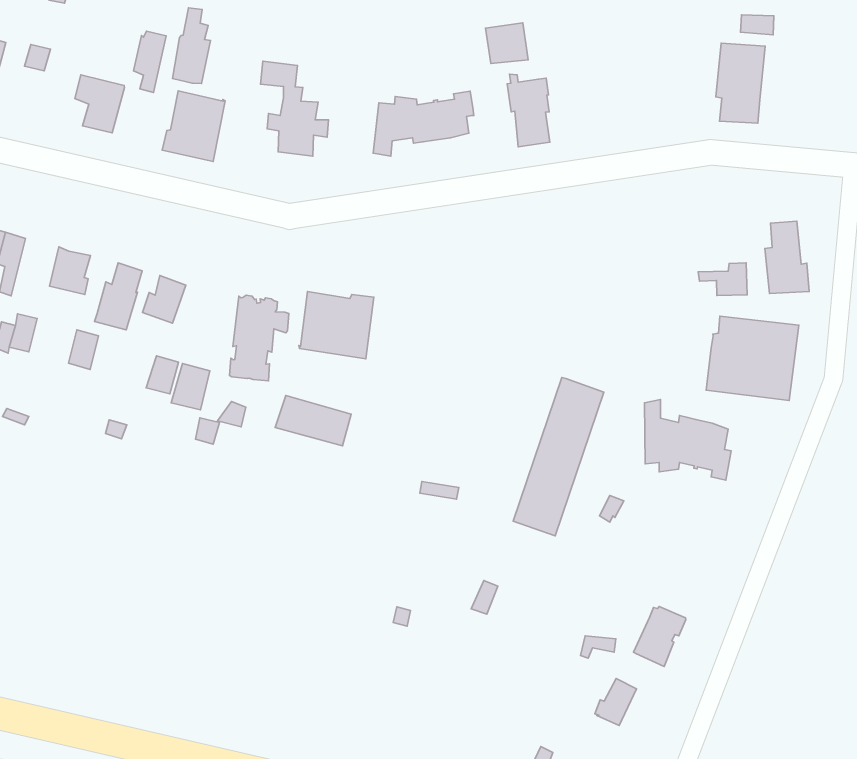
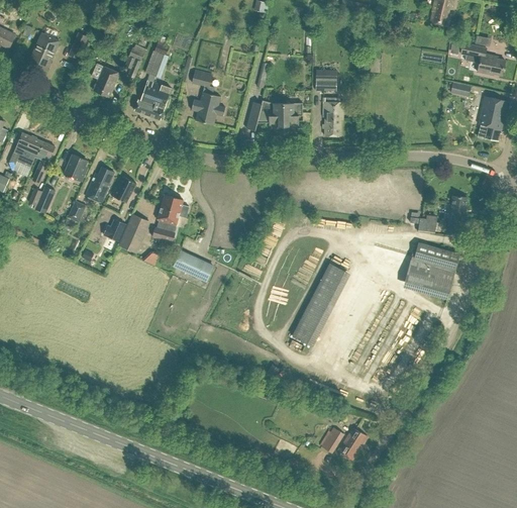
building: [716,43,765,123] -> [478,96,508,141]
building: [299,292,374,359] -> none
building: [644,399,731,480] -> none
building: [634,607,686,666] -> [337,428,368,461]

